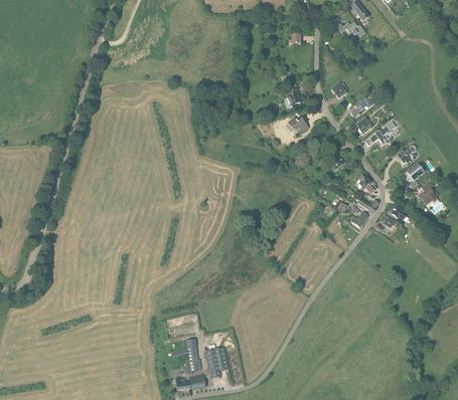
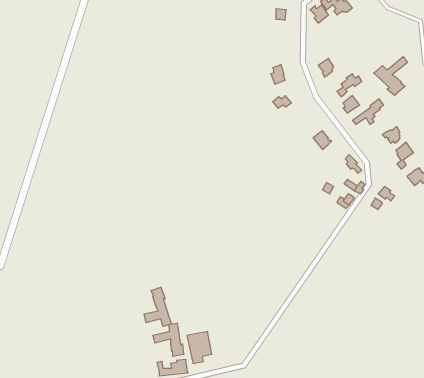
building: none -> [374,57,407,96]
building: none -> [144,287,171,326]

